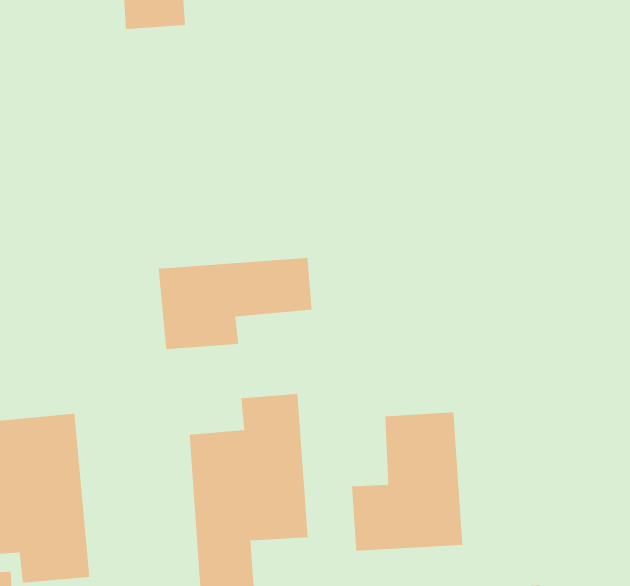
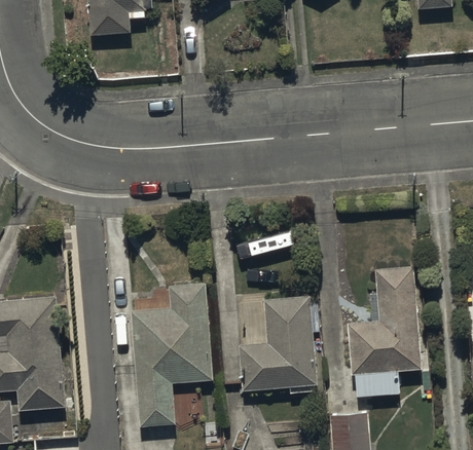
building: [158,257,312,350] -> none
building: none -> [350,265,422,397]

